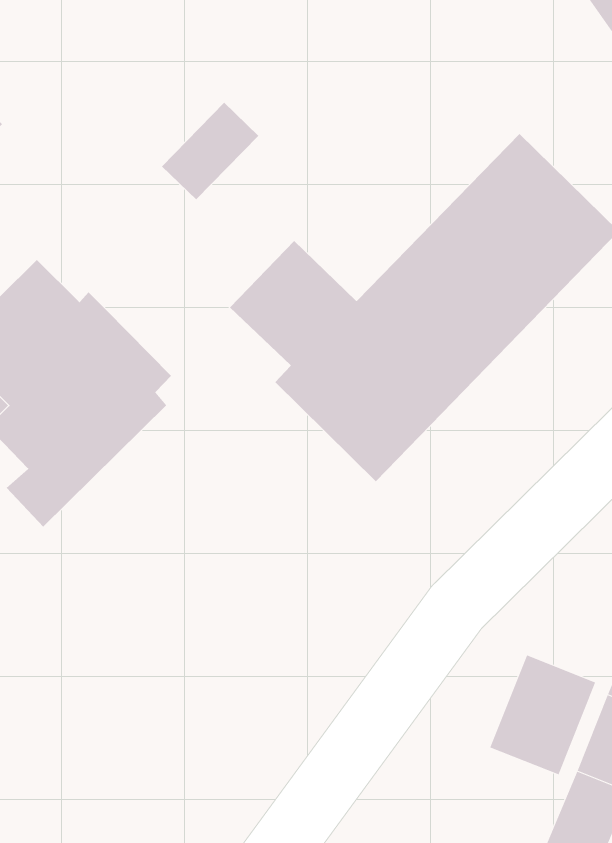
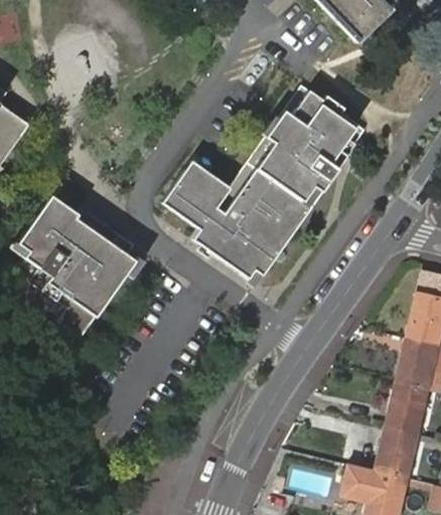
building: [161,102,259,200] -> none
building: [490,655,596,775] -> none

